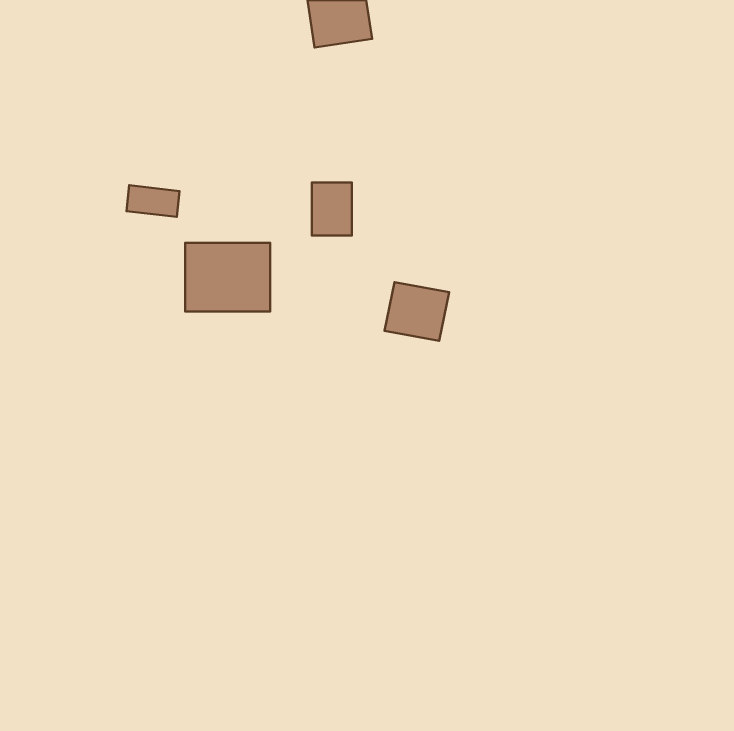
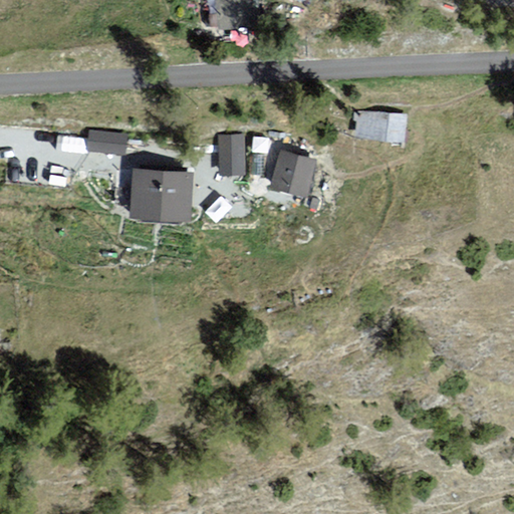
building: none -> [356,110,409,148]
building: [384,282,449,341] -> [271,154,316,195]

